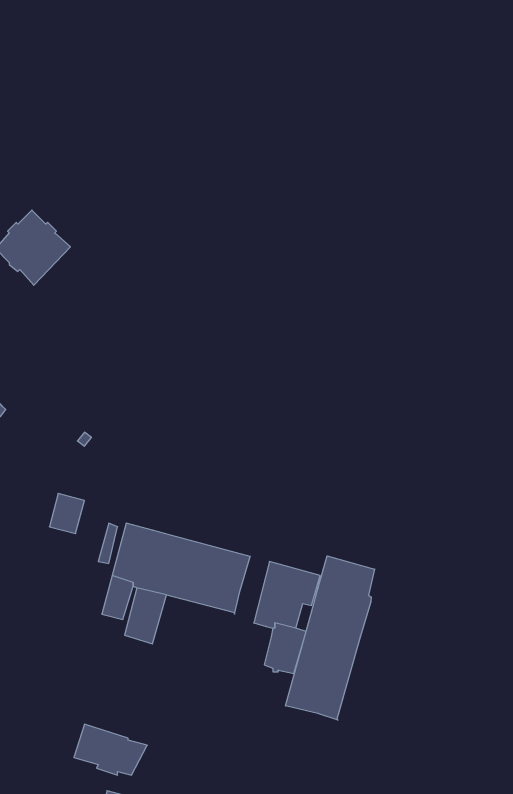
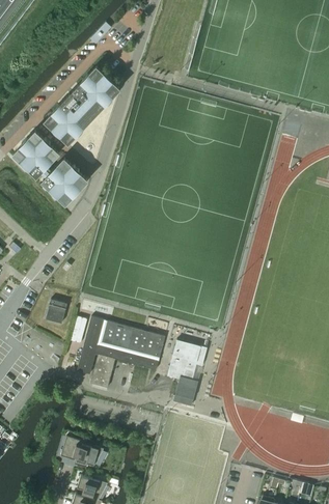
building: none -> [46,67,118,142]
building: none -> [43,159,86,203]
building: [286,556,375,720] -> none

